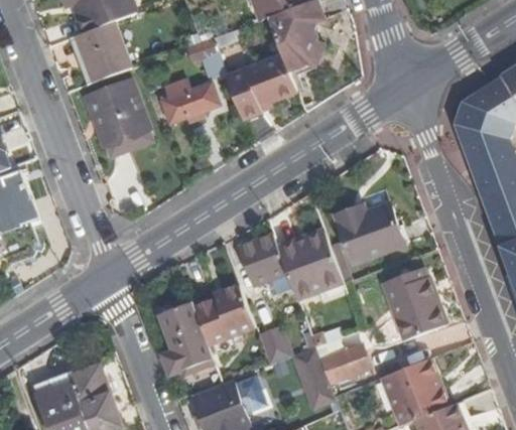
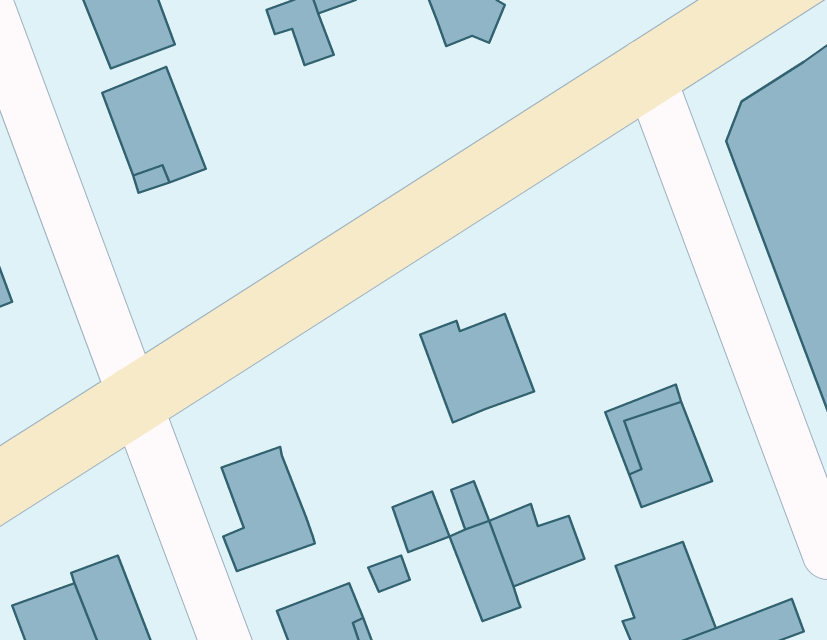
building: [226,55,297,120] -> none
building: [159,79,219,126] -> none
building: [339,201,405,261] -> none
building: [239,233,287,286] -> none
building: [194,285,254,344] -> none

